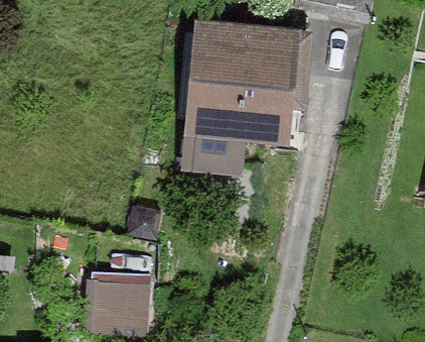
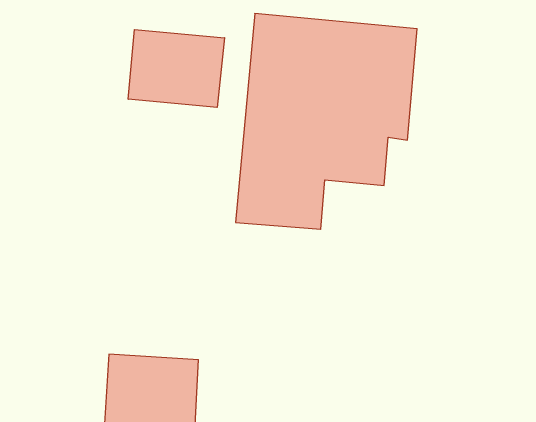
building: none -> [128,30,225,107]

